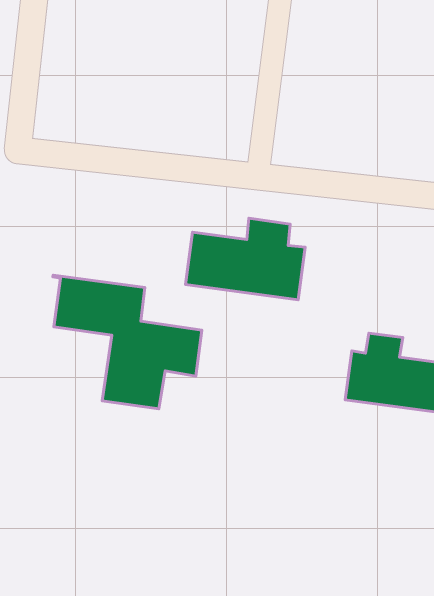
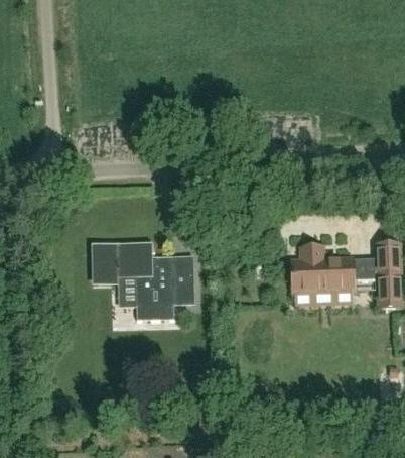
building: [186,218,305,300] -> none

